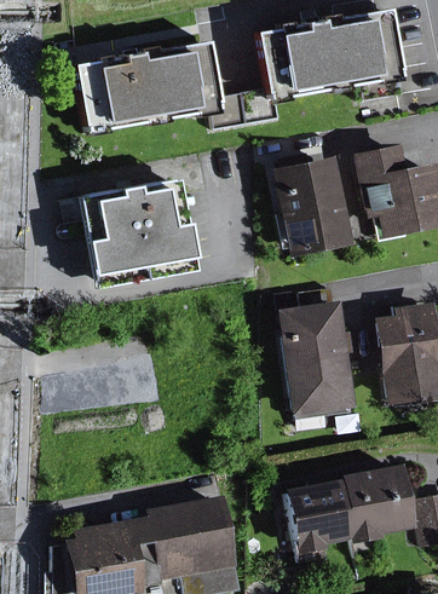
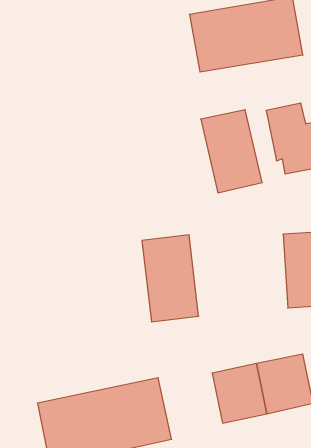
building: [79,42,219,129] -> none
building: [83,181,198,282] -> none
building: [279,302,352,414] -> [142,235,199,322]

